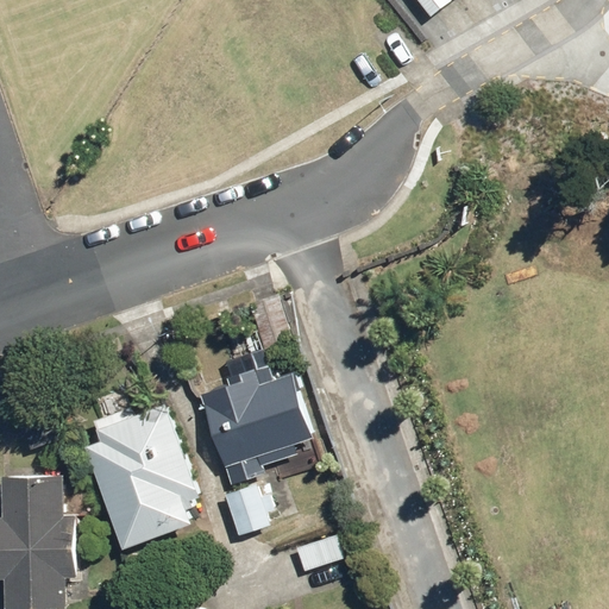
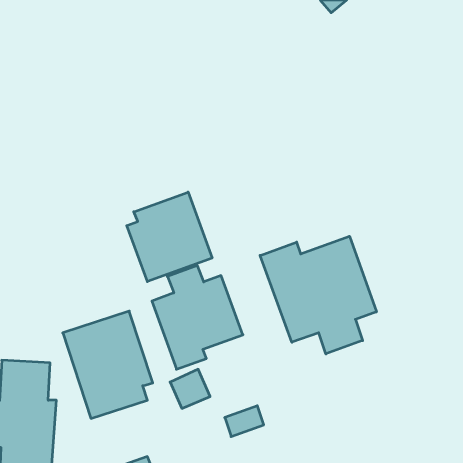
building: none -> [127,192,212,282]
building: none -> [260,236,376,354]

